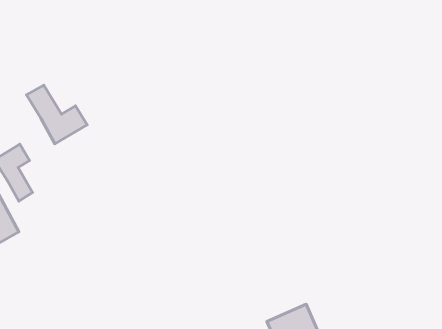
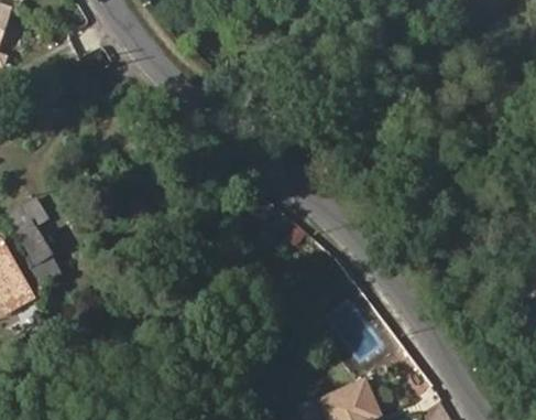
building: [27,85,87,144] -> none

